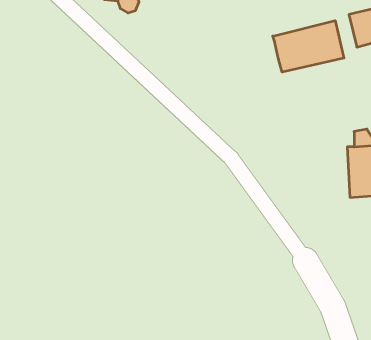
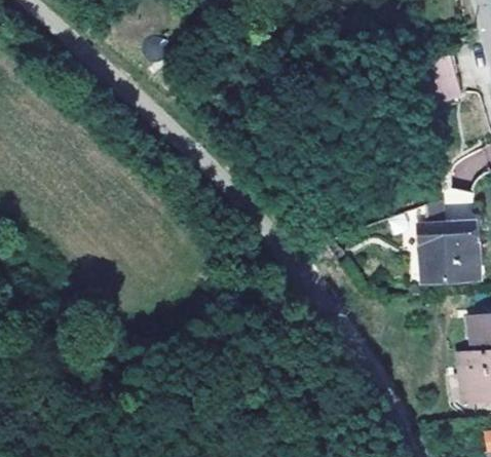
building: [273,21,344,72] -> none

